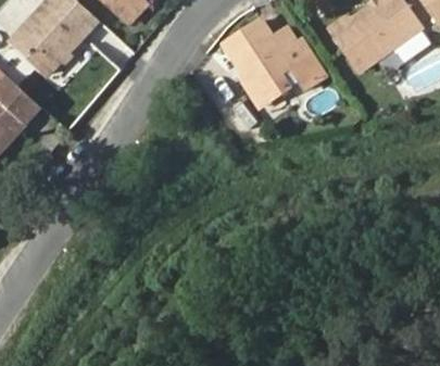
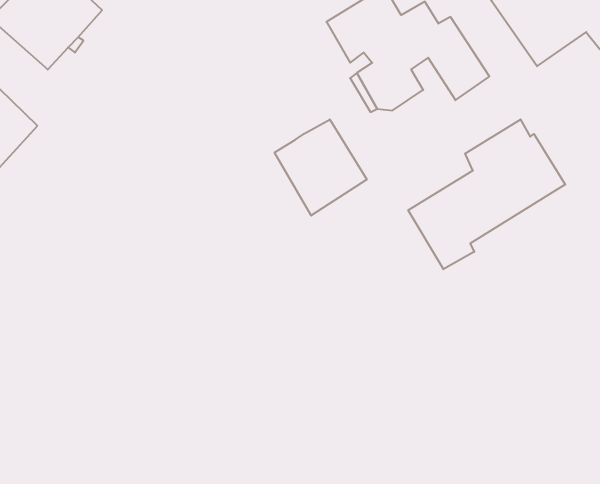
building: none -> [408,119,565,269]
building: none -> [275,119,367,216]

